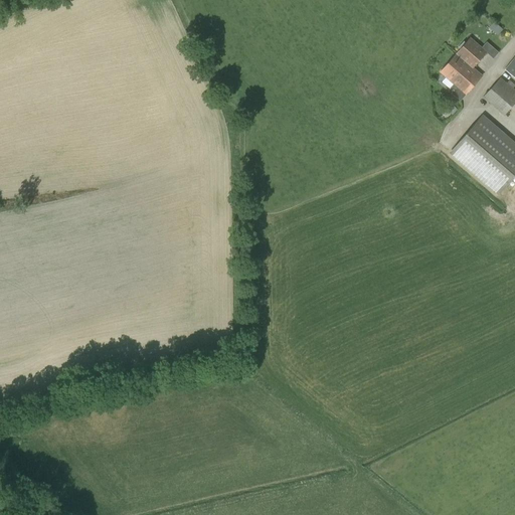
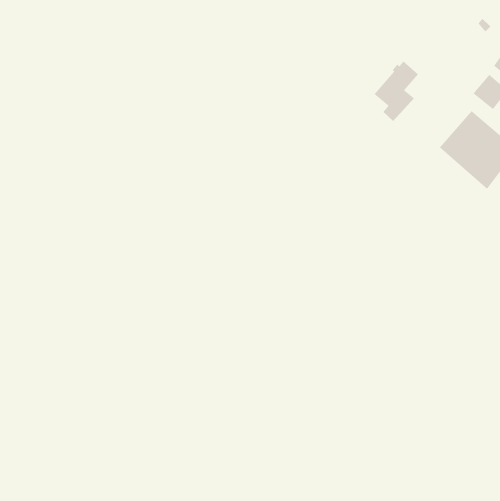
building: [443,36,489,99] -> [374,61,419,122]

